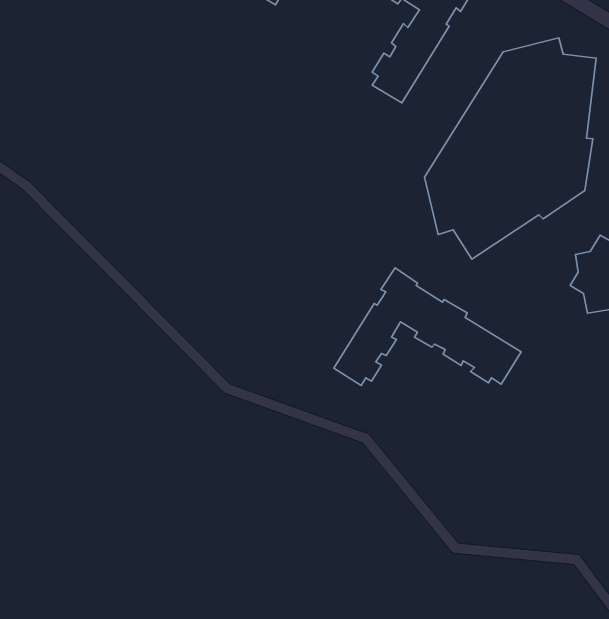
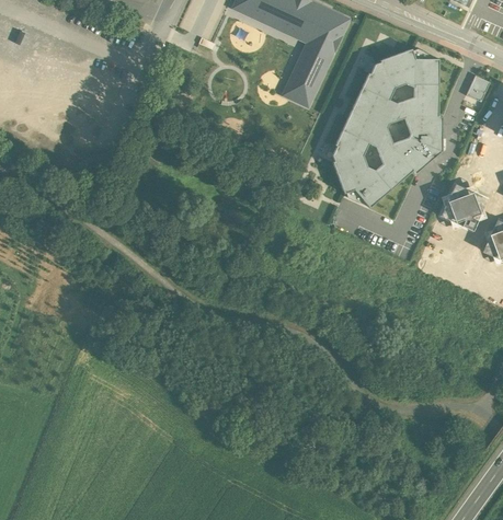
building: [334,268,521,386] -> none

